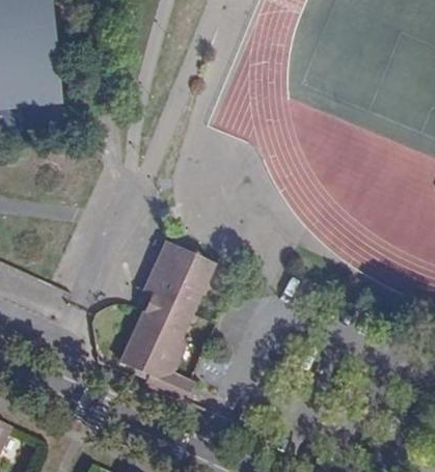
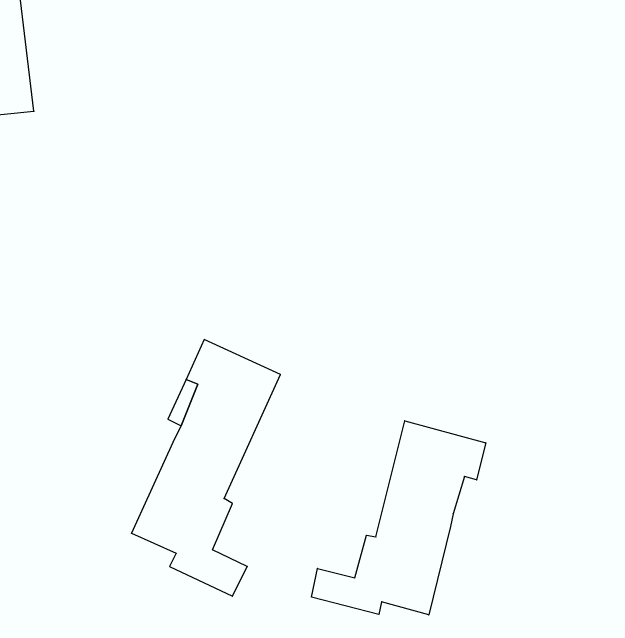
building: none -> [312,421,486,615]

